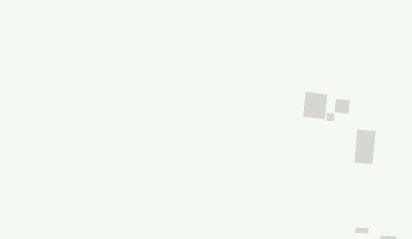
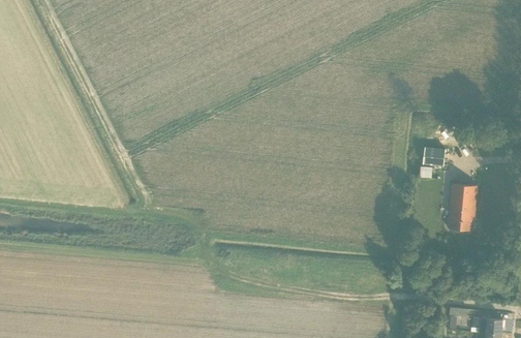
building: [302,91,328,120] -> none

